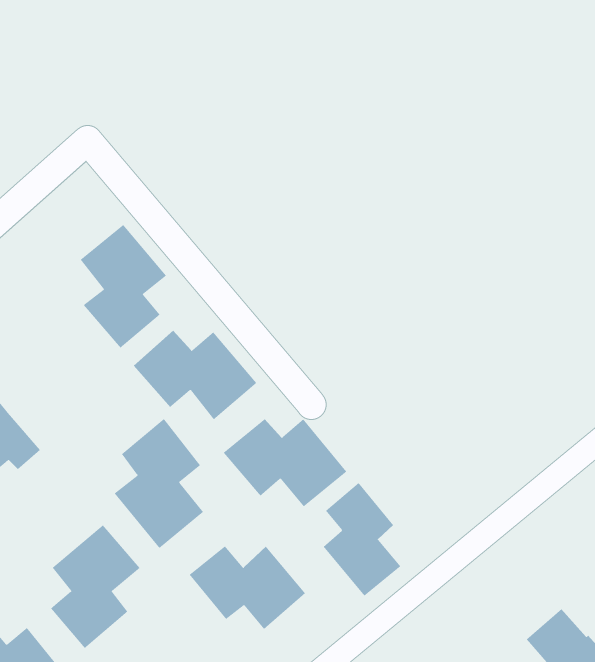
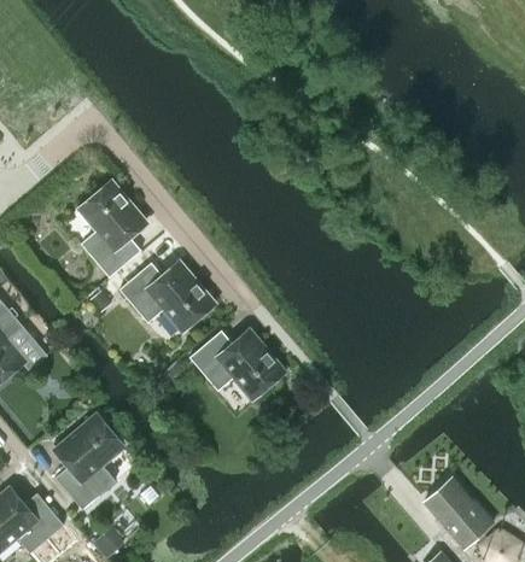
building: [114,418,204,549] -> none
building: [323,482,401,597] -> none
building: [189,545,306,630] -> none

